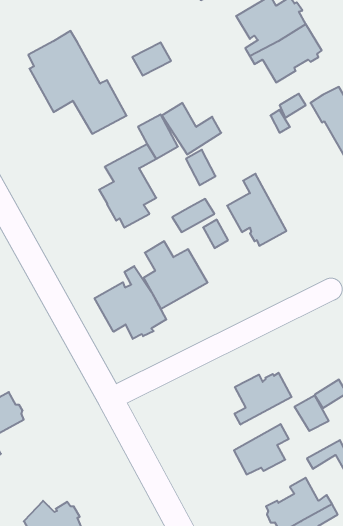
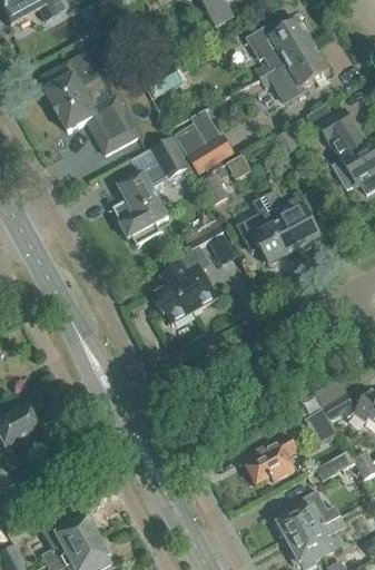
building: none -> [265,187,322,247]
building: [95,266,166,339] -> none
building: [235,373,292,425] -> none

